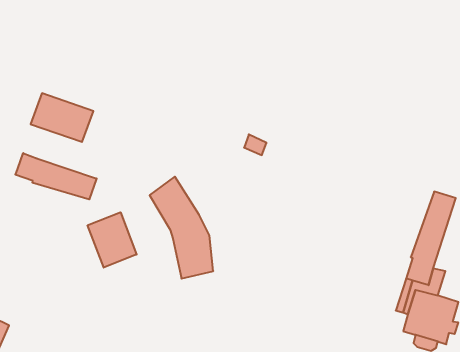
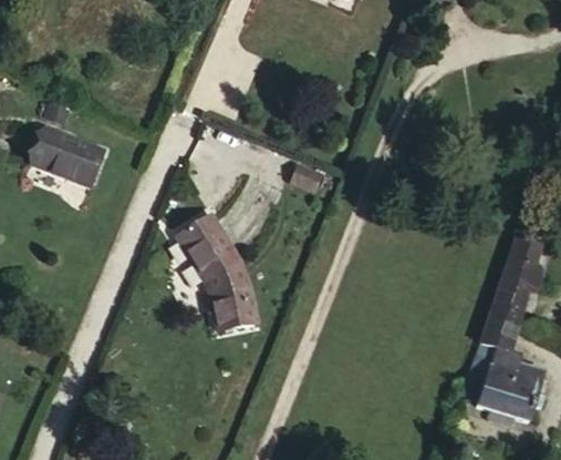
building: [15,153,97,199] -> none
building: [88,212,137,268] -> none

